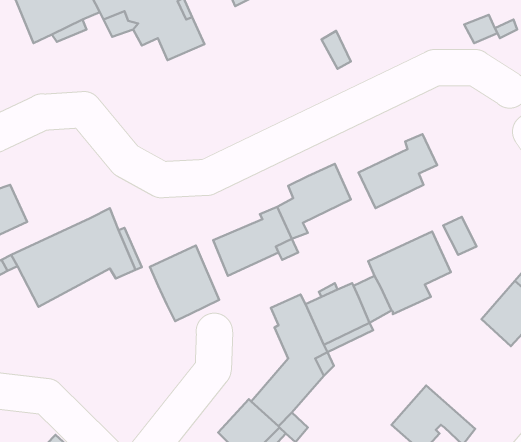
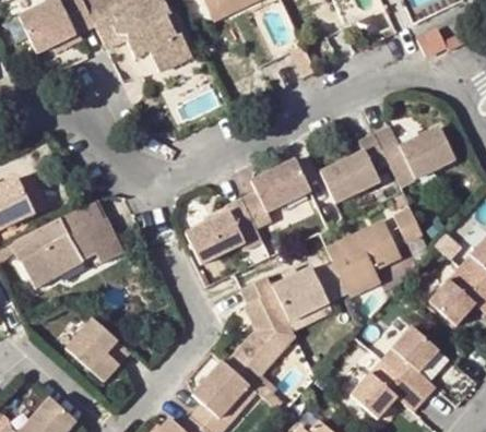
building: none -> [378,125,459,187]
building: [150,246,219,321] -> none
building: none -> [381,322,439,395]
building: none -> [67,326,132,385]

